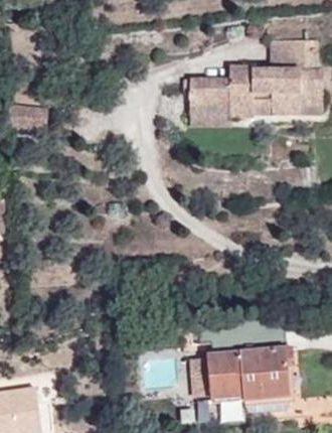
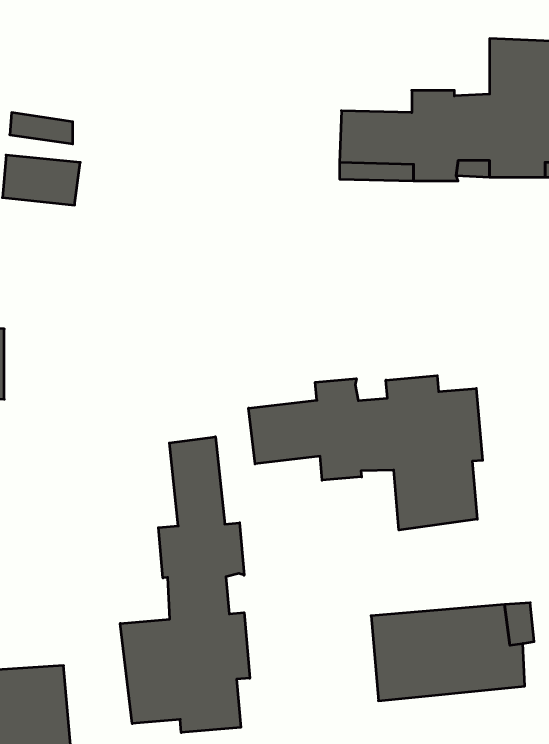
building: none -> [249,376,483,530]
building: none -> [120,437,250,733]

